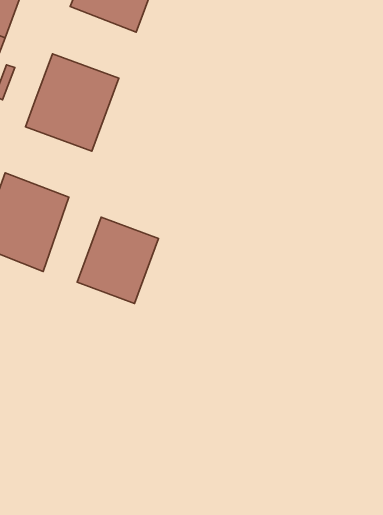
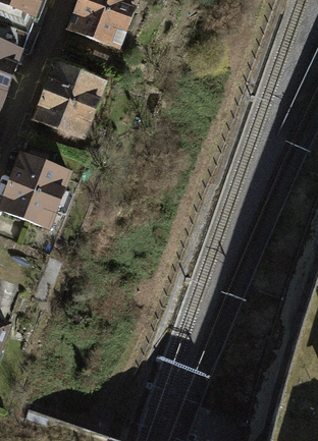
building: [77,217,158,304] -> none

